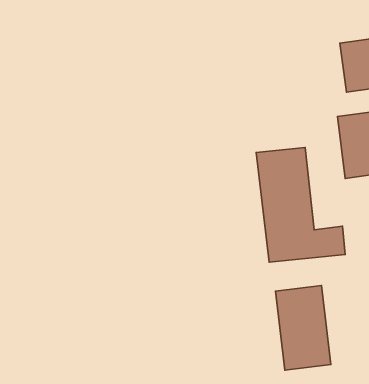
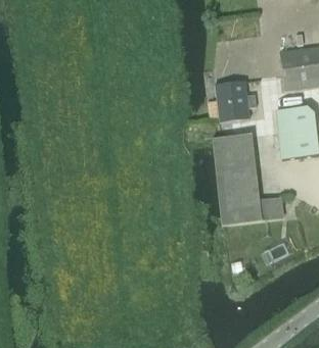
building: none -> [216,81,249,120]
building: [276,286,331,370] -> none

